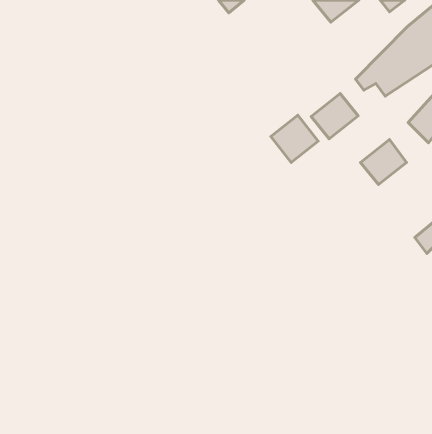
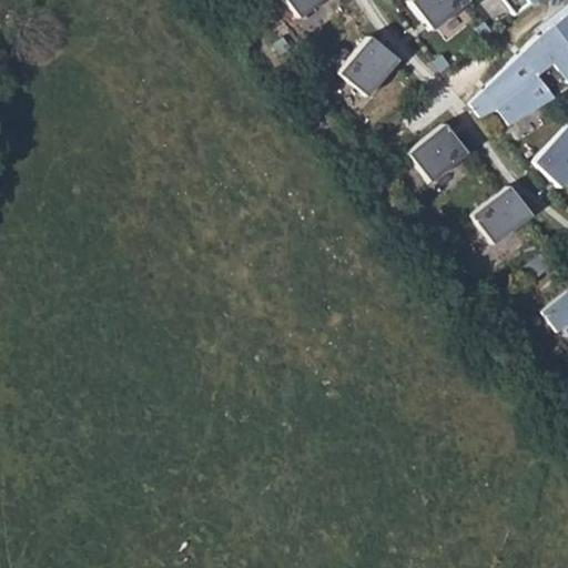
building: none -> [342,36,400,95]
building: [271,115,318,163] -> none

